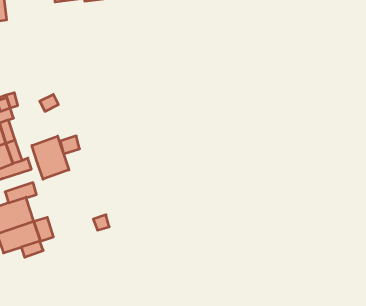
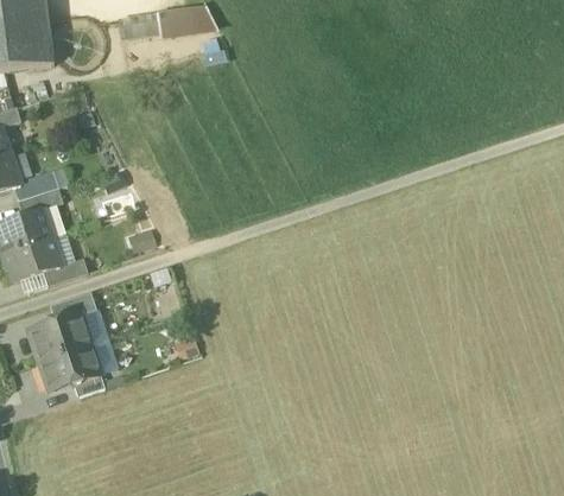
building: [32,136,69,179] -> none
building: none -> [78,306,108,345]

